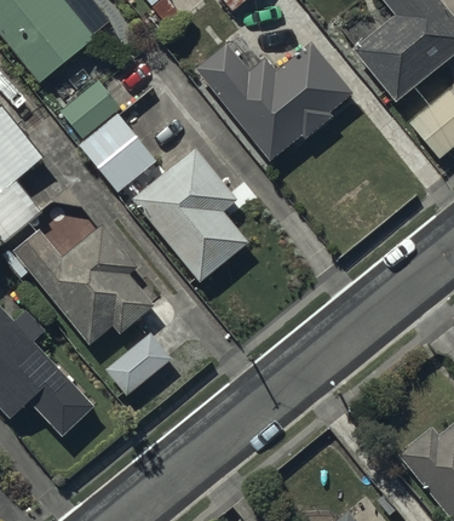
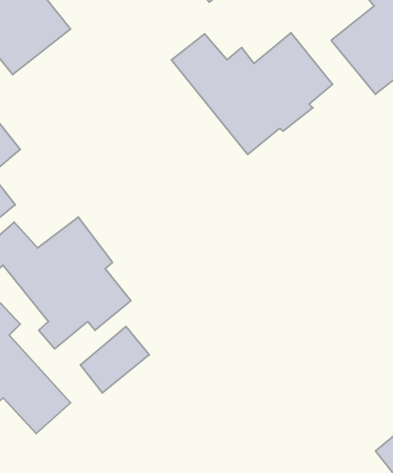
building: [61,80,157,193] -> none
building: [132,147,249,284] -> none

